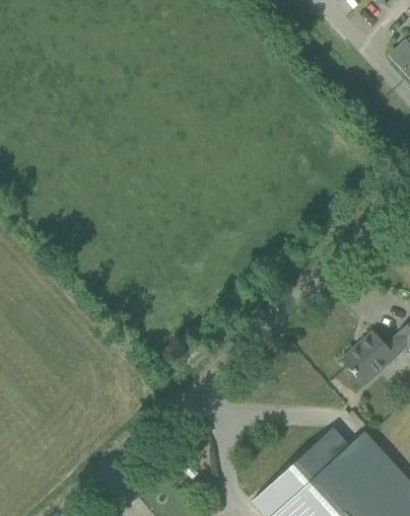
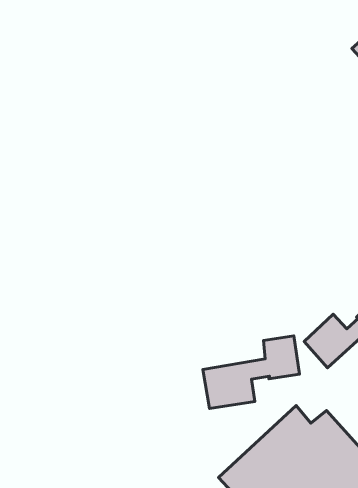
building: none -> [203,336,299,408]

